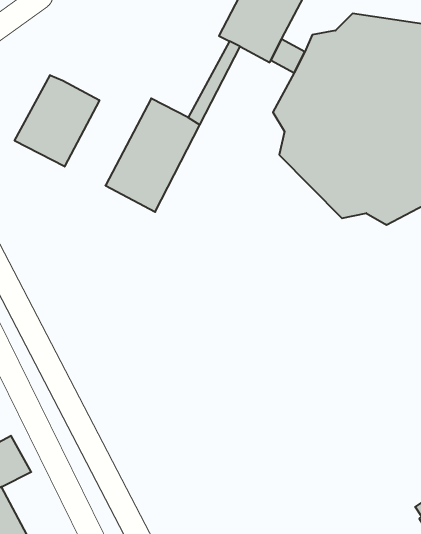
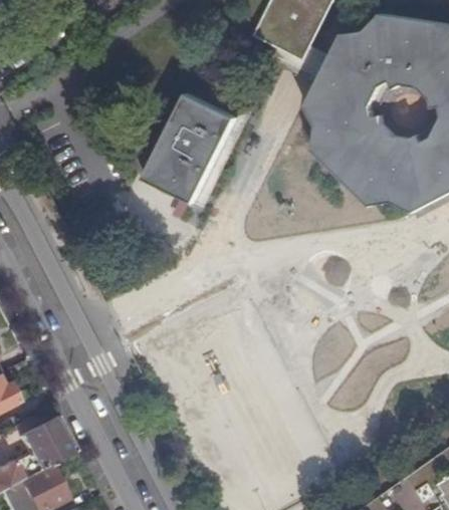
building: [15,75,99,167] -> none

